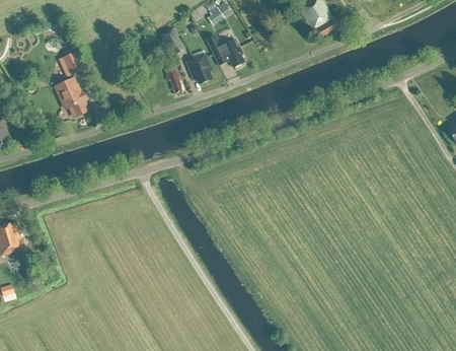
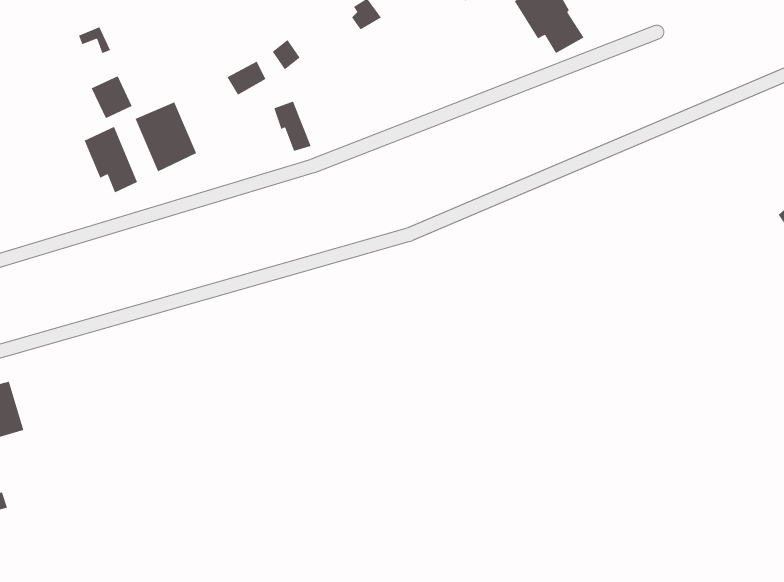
building: [205,33,243,67] -> none
building: [183,52,213,84] -> none
building: none -> [135,101,197,172]

